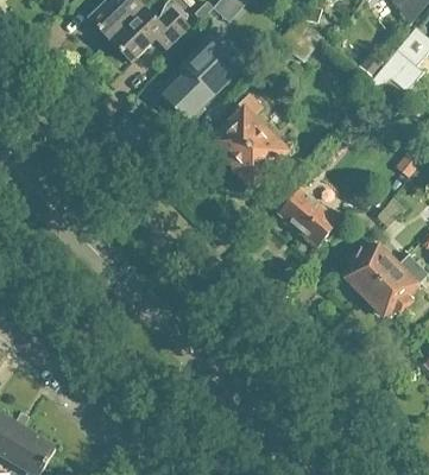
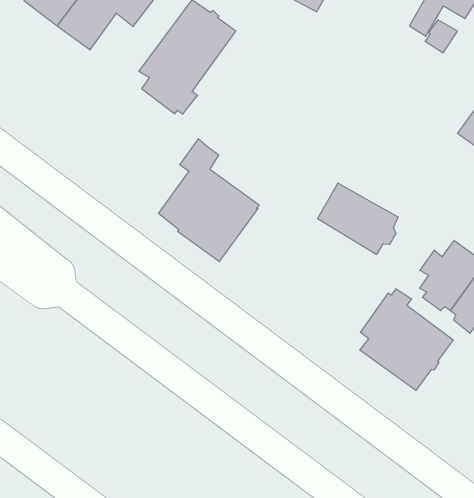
building: [213,91,288,184] -> [158,139,259,262]
building: none -> [360,289,453,391]

